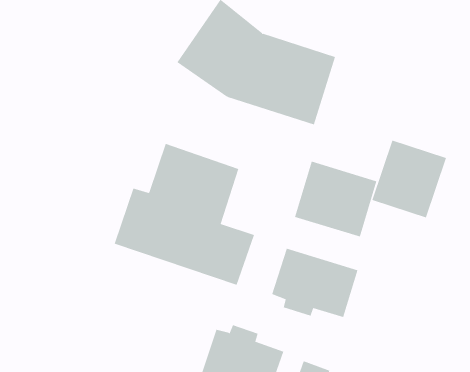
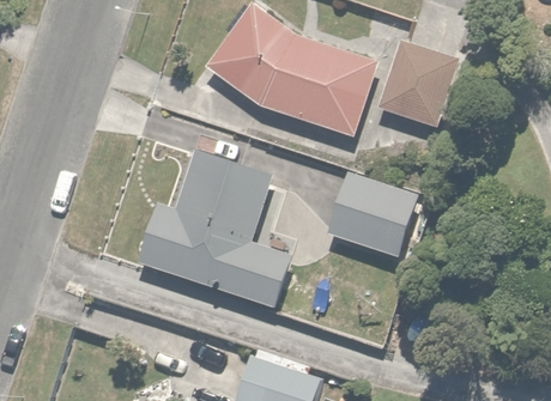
building: [372,140,447,218] -> [380,43,460,127]
building: [272,248,358,318] -> none

